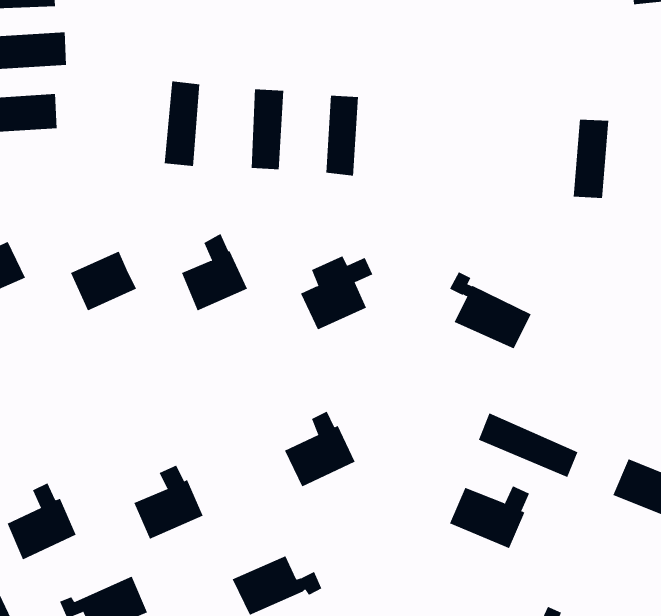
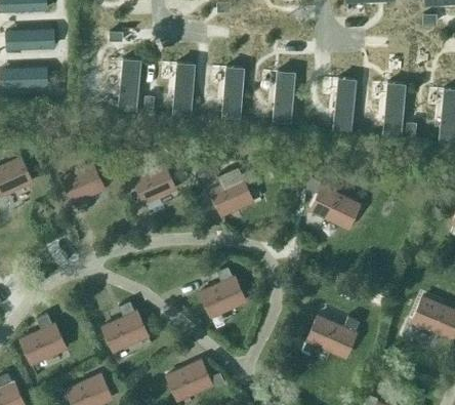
building: none -> [275,70,297,123]
building: none -> [335,77,358,130]
building: [478,413,578,478] -> none

